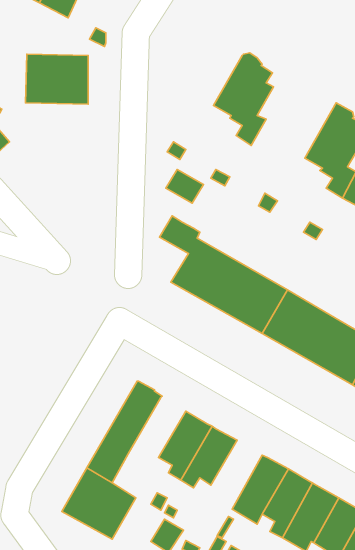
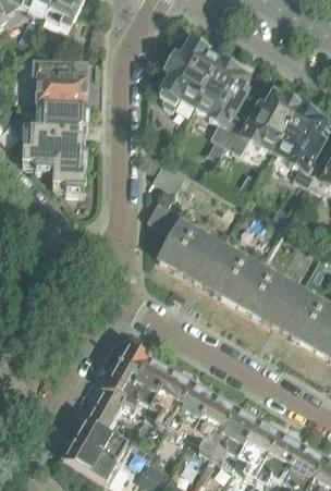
building: none -> [164,40,221,107]
building: none -> [229,89,303,149]
building: none -> [23,102,89,192]
building: none -> [122,357,172,412]
building: none -> [194,394,238,454]

